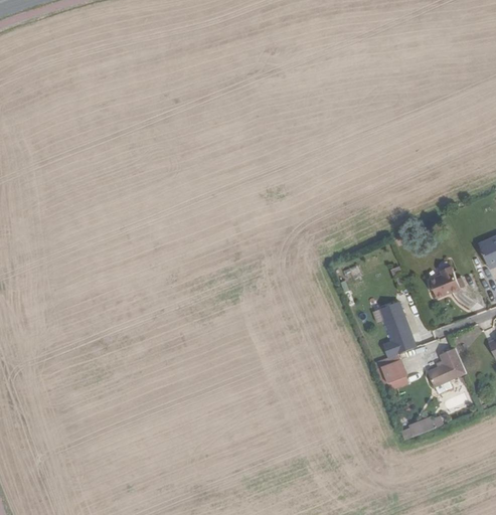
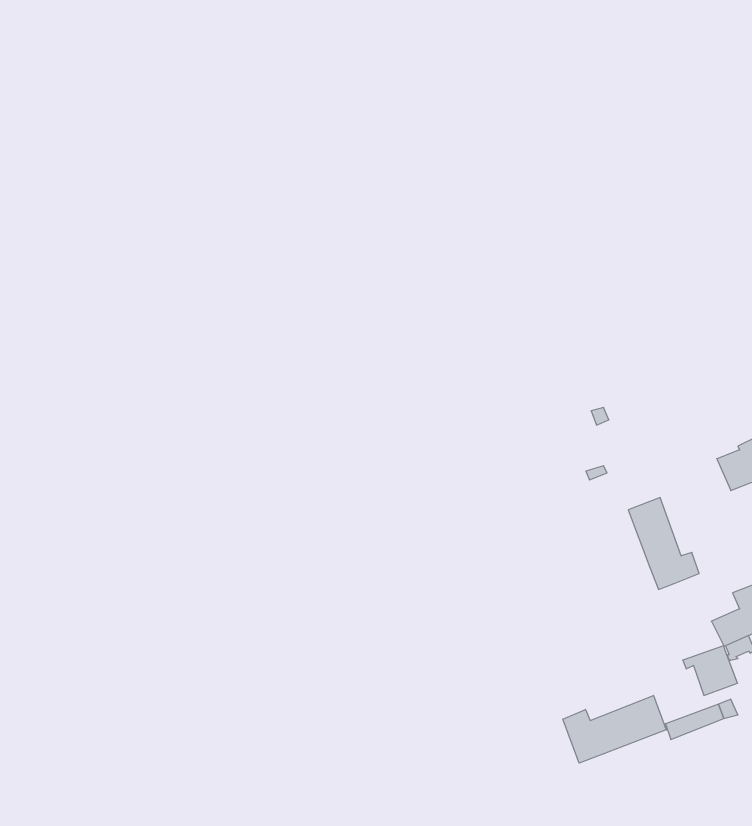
building: [374,353,405,381] -> [683,646,738,695]
building: none -> [563,695,666,763]

